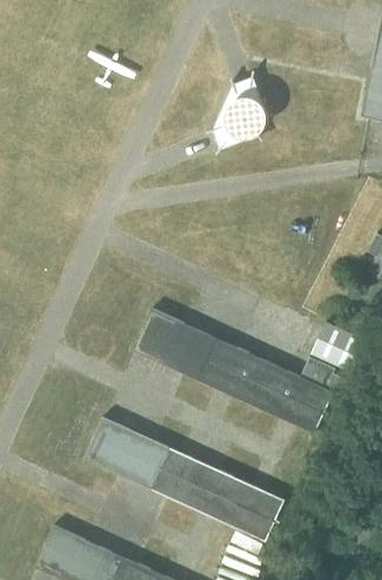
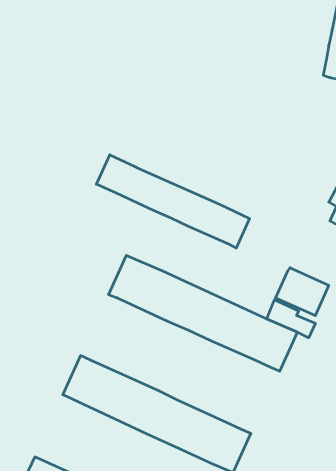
building: [214,78,267,150] -> none
building: none -> [96,155,250,248]

